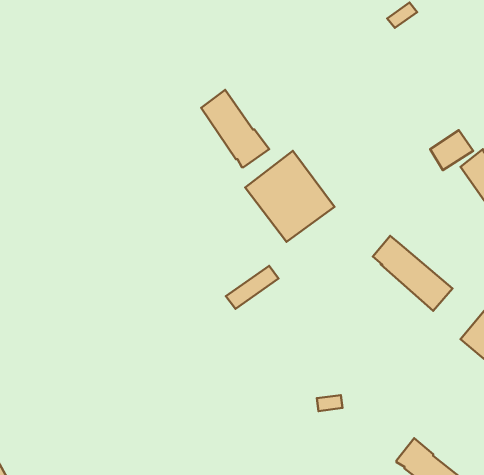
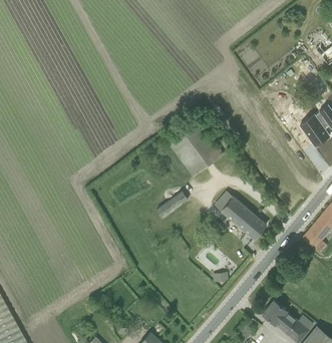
building: [201,90,269,167] -> none
building: [373,236,452,311] -> [216,193,266,240]

